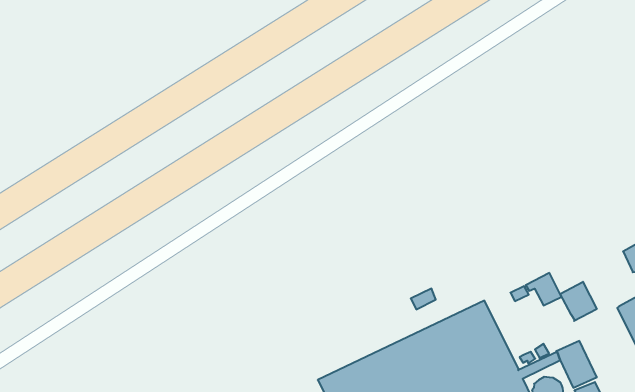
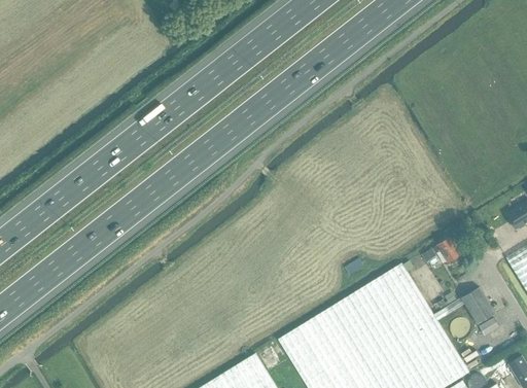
building: [560,282,597,321] -> none

